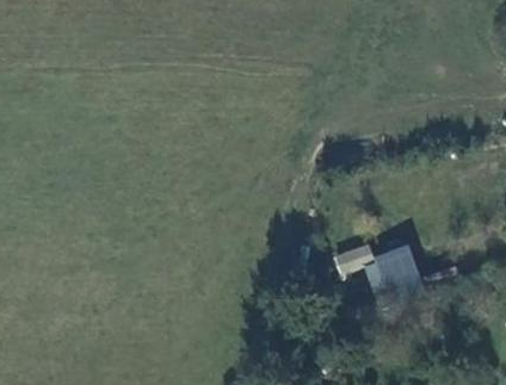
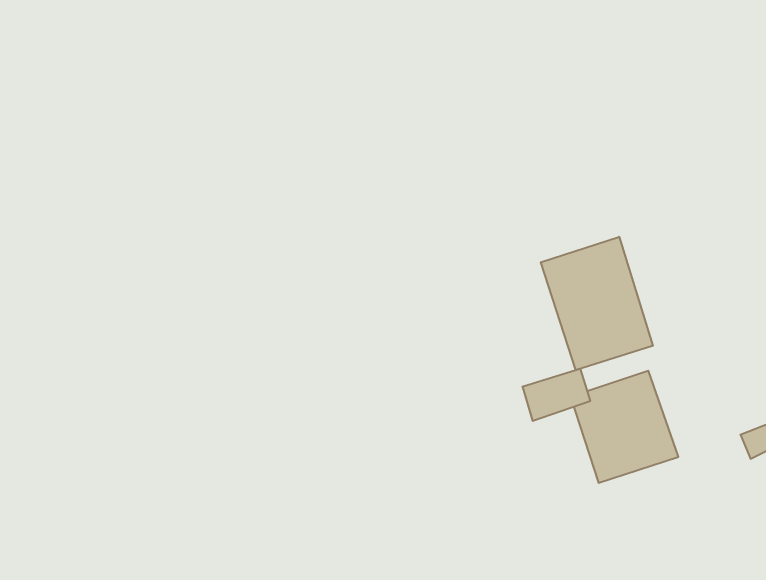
building: none -> [541,237,653,370]

